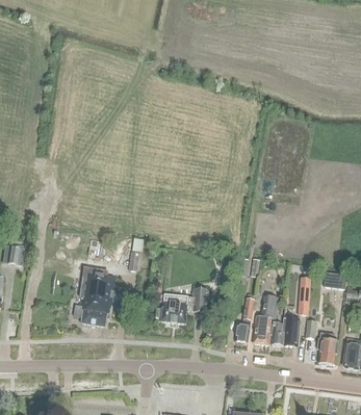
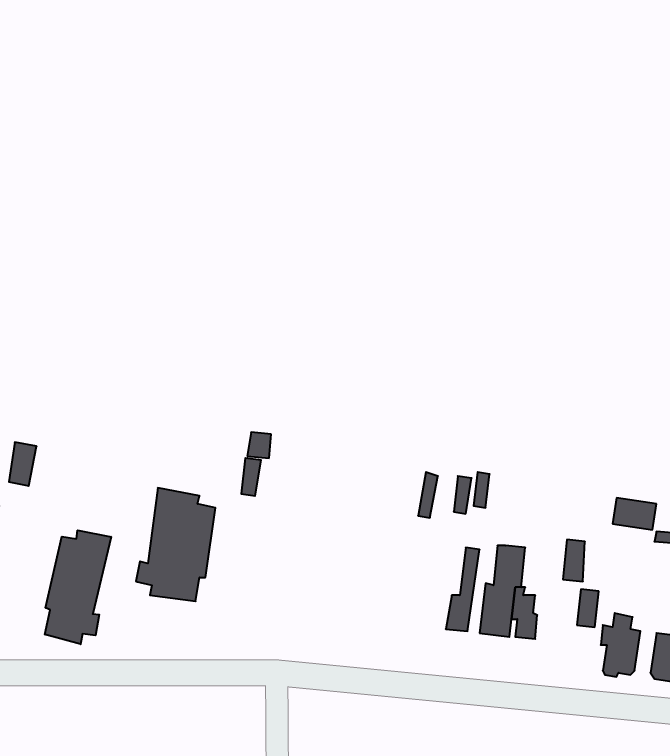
building: [156,287,208,323] -> none
building: none -> [45,530,111,644]
building: [282,317,300,344] -> none

